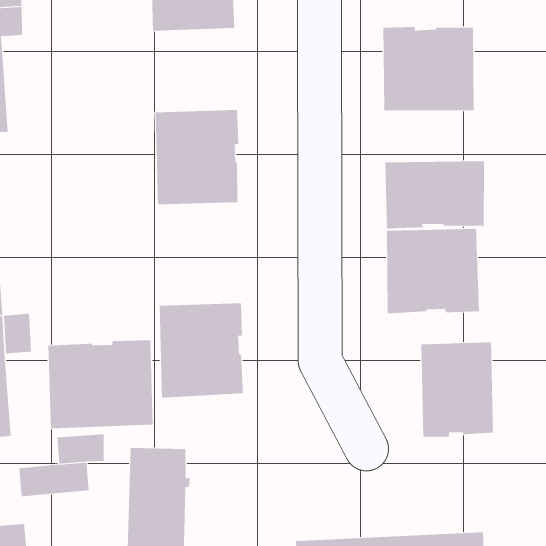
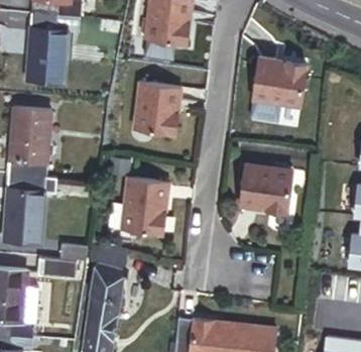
building: [385,161,484,229] -> none
building: [48,339,153,429] -> none
building: [421,342,493,438] -> none

